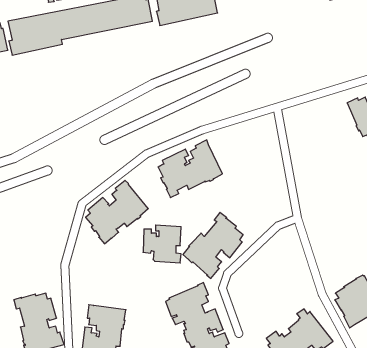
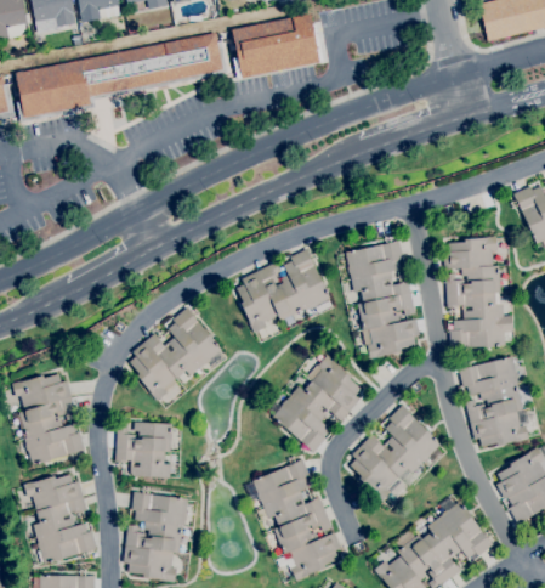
building: none -> [443,236,512,349]
building: none -> [345,239,420,358]
building: none -> [458,356,529,446]
building: none -> [11,373,85,465]
building: [143,225,181,263] -> [115,422,171,477]
building: none -> [350,405,441,507]

